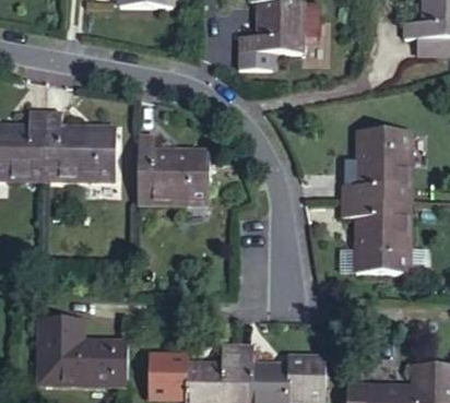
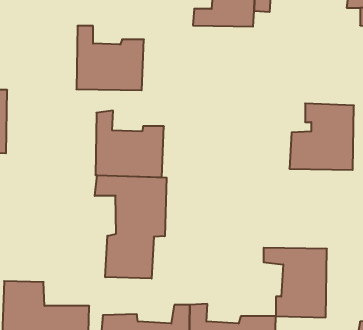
building: [42,118,112,186] -> [76,26,144,90]
building: [340,201,406,274] -> [264,248,327,317]
building: none -> [95,175,167,279]

